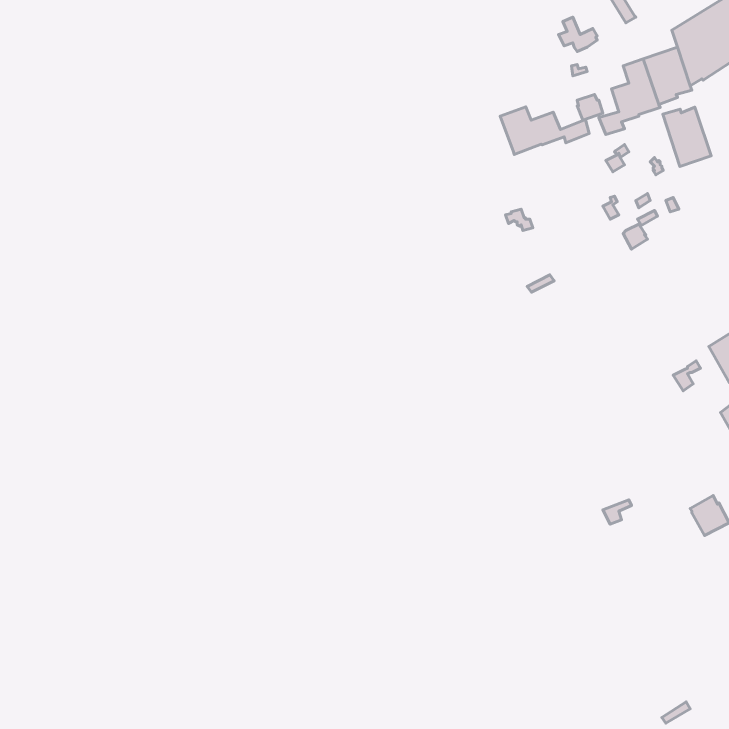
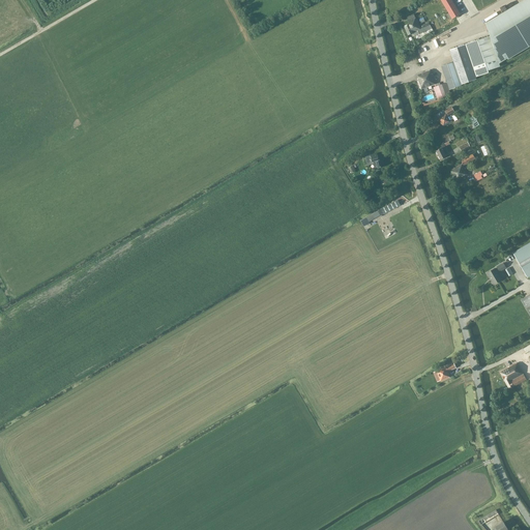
building: [500,107,589,154] -> none
building: [663,107,711,166] -> none

